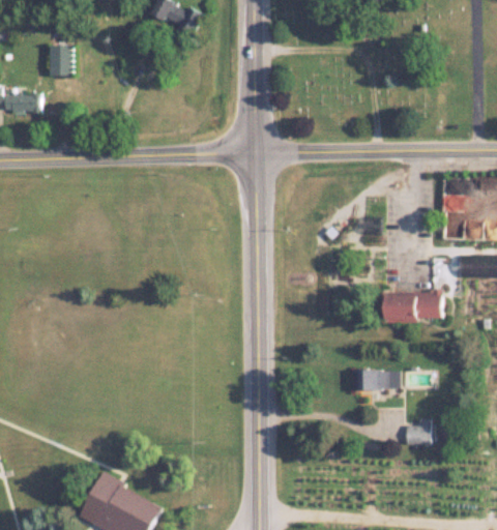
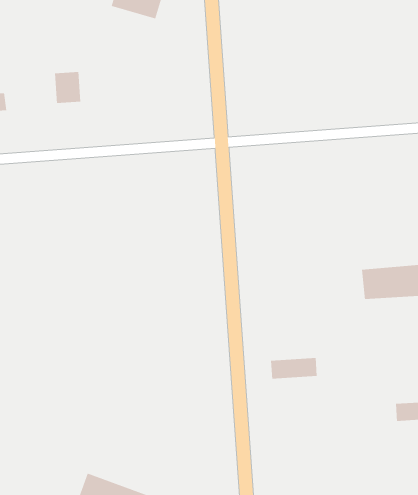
building: [50,45,75,75] -> [54,72,81,104]
building: [352,371,398,389] -> [270,357,318,379]

